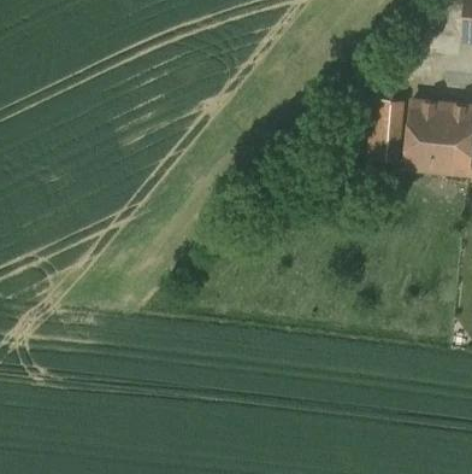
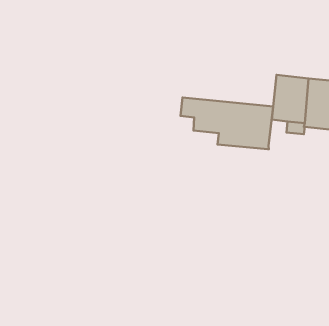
building: none -> [180,97,273,149]

